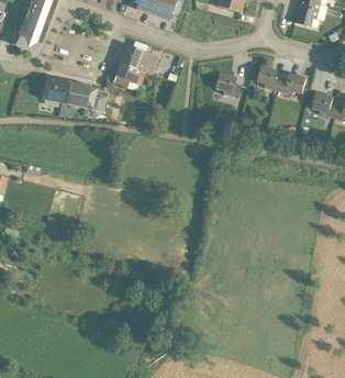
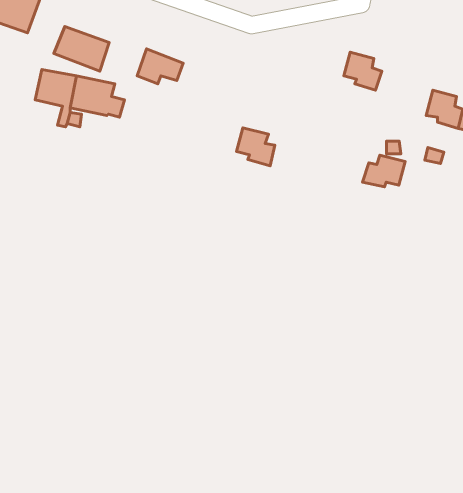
building: [119,43,157,74] -> [54,27,109,71]
building: [214,70,241,97] -> [237,128,275,166]
building: [277,71,307,93] -> [362,155,405,187]

